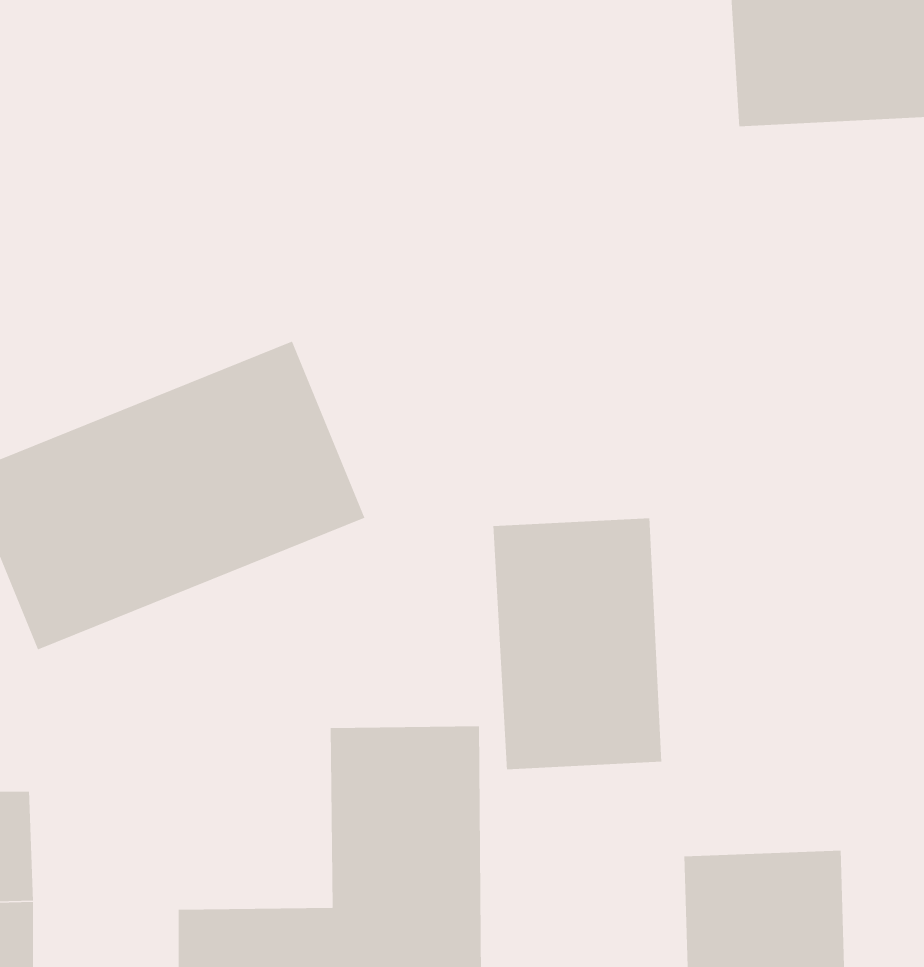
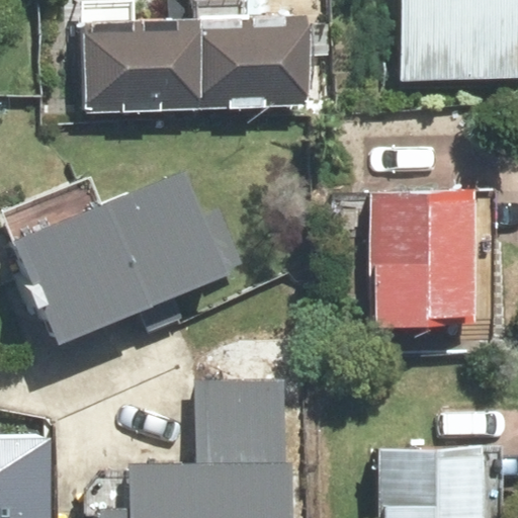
building: none -> [84,30,303,108]
building: [492,517,662,770] -> [374,196,461,326]

